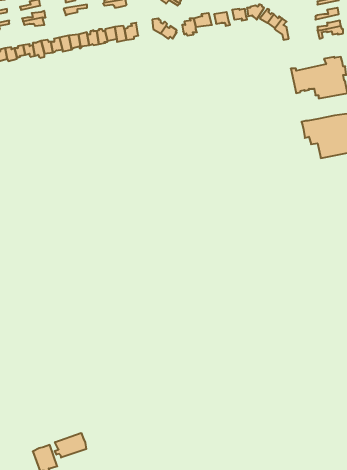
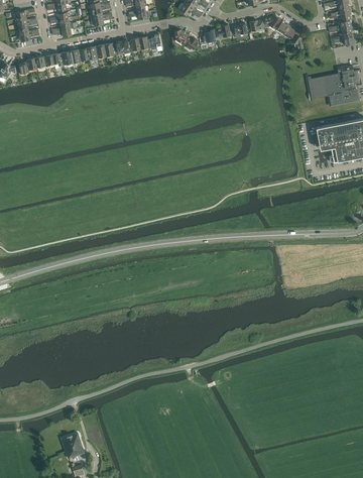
building: [55,433,86,458] -> none

